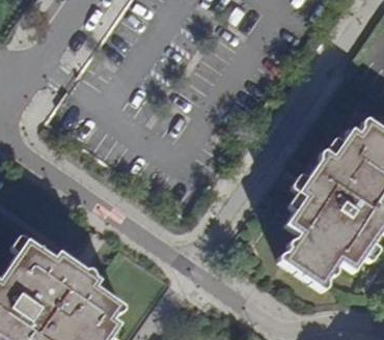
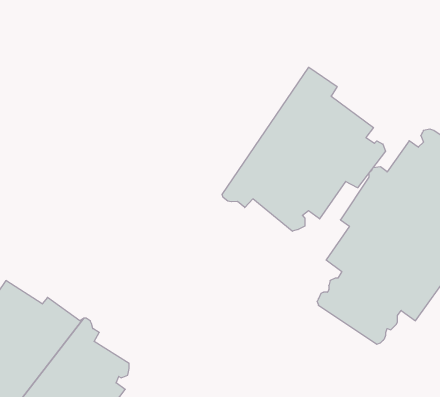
building: none -> [222,67,386,231]

